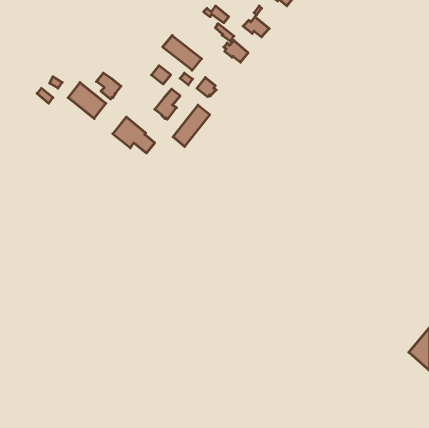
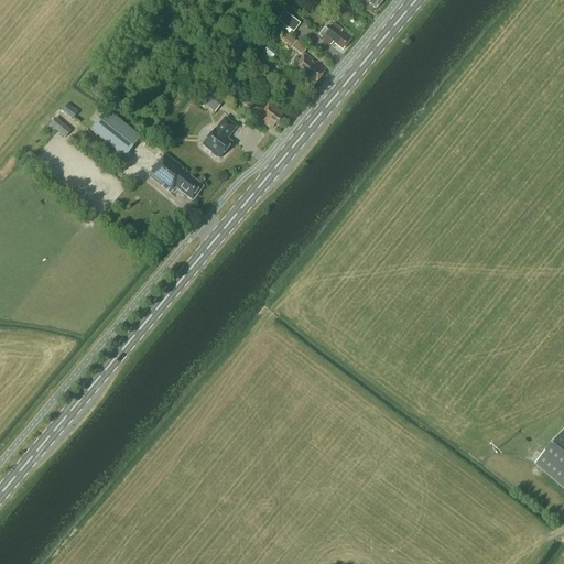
building: [163,35,202,70] -> none
building: [96,73,121,99] -> none
building: [173,105,210,147] -> none

